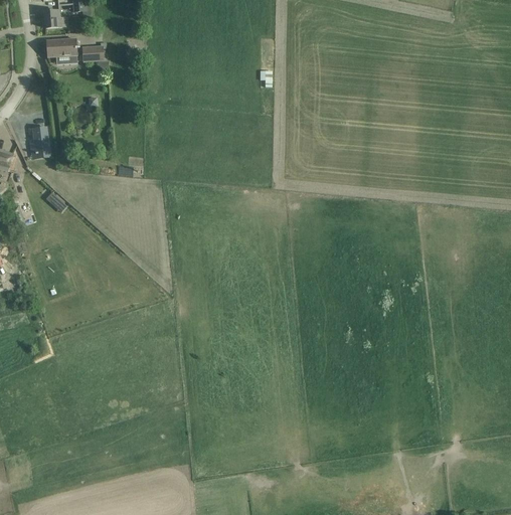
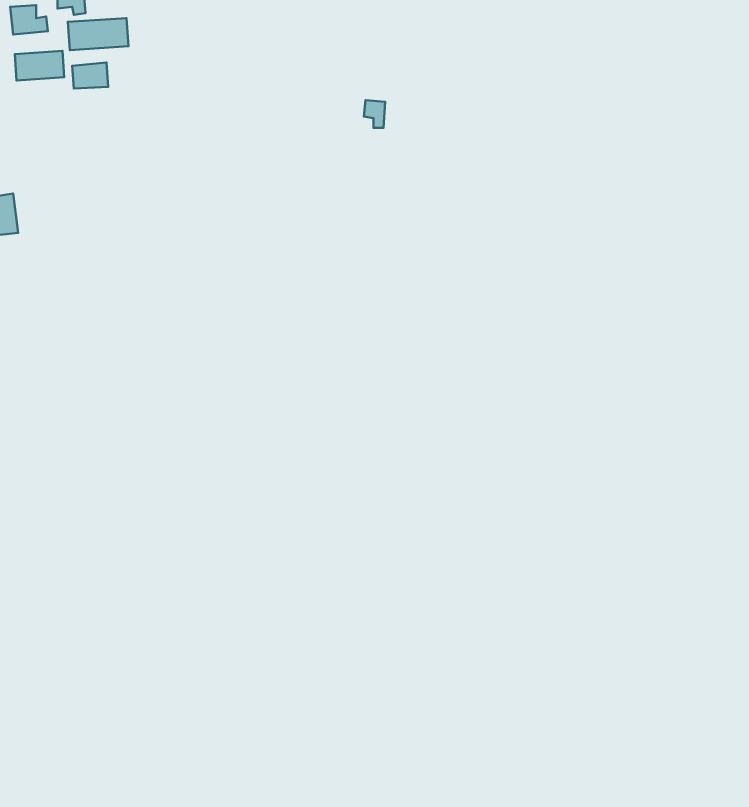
building: none -> [68,18,129,50]

